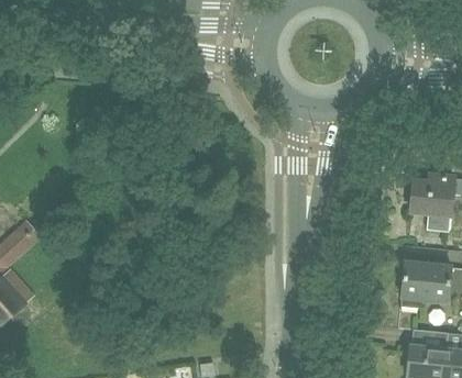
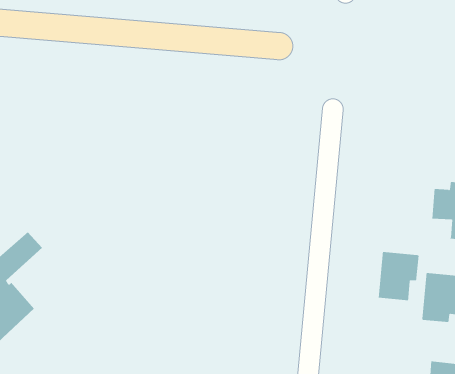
building: none -> [378,251,421,301]

